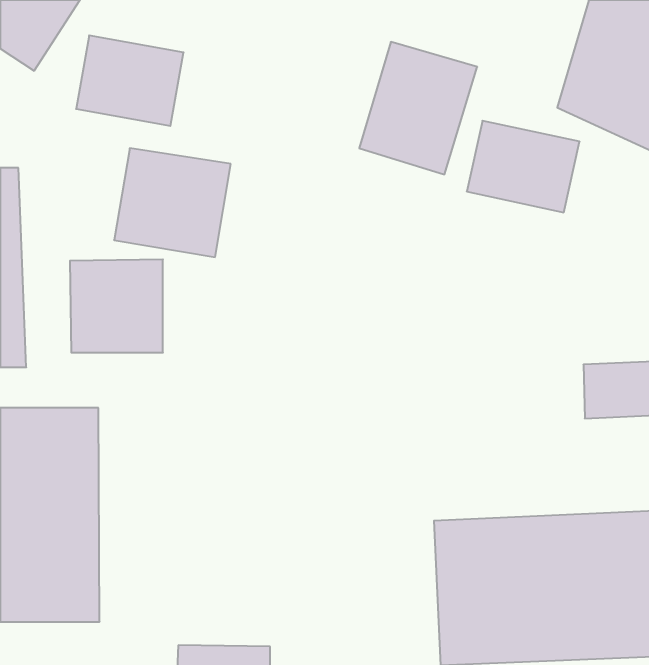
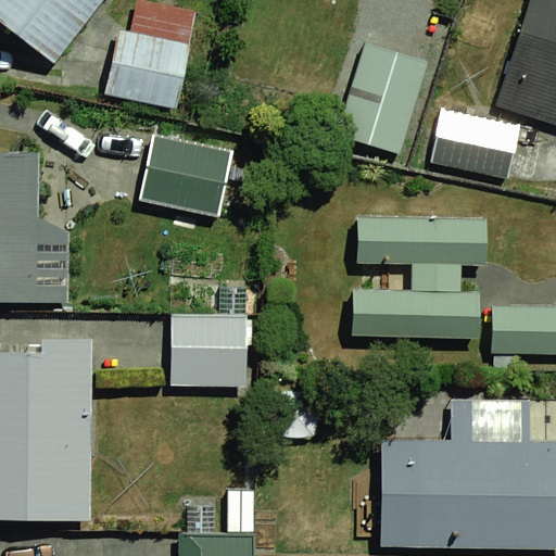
building: none -> [326,213,484,340]
building: [70,259,163,353] -> [160,307,237,384]

